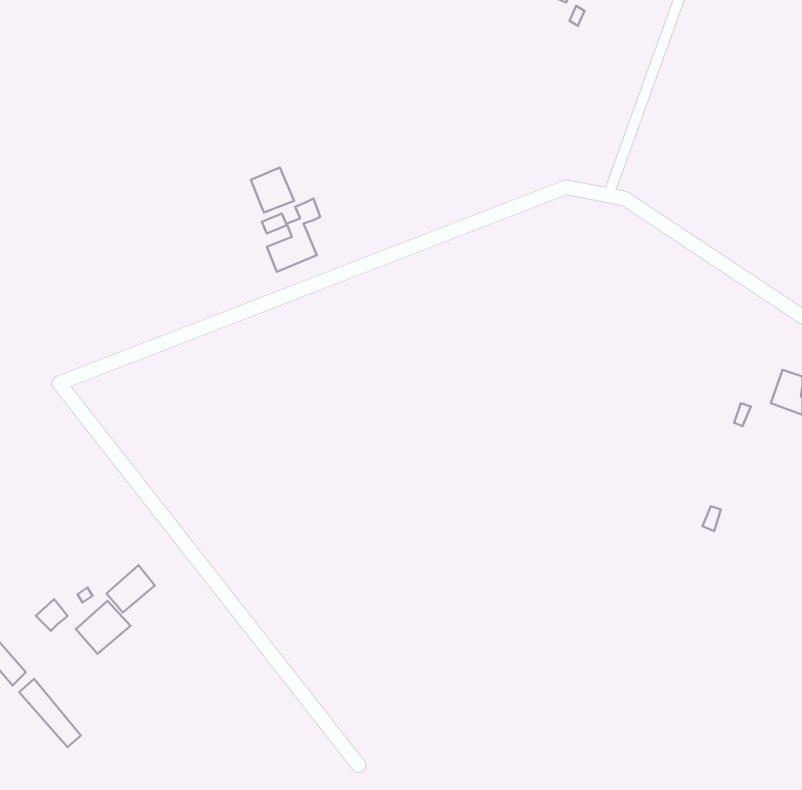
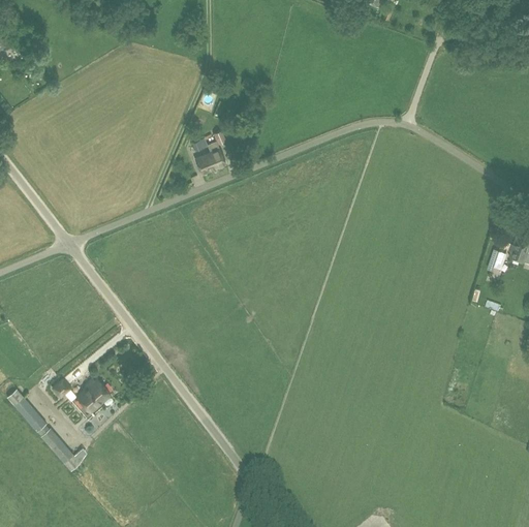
building: [251,168,294,213] -> none
building: [106,565,155,612] -> none

